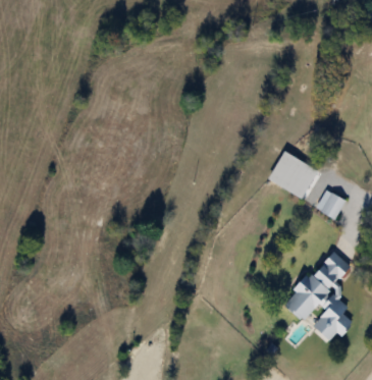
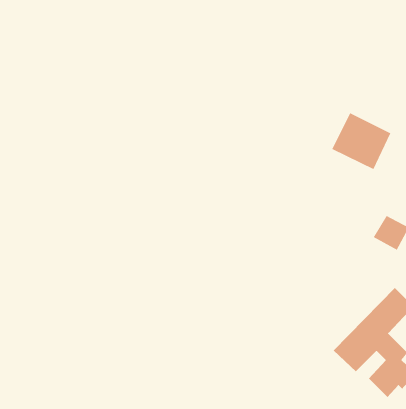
building: [268,150,318,198] -> [331,113,391,170]

